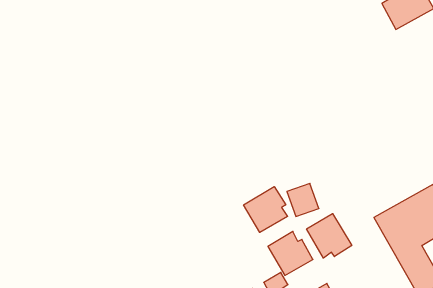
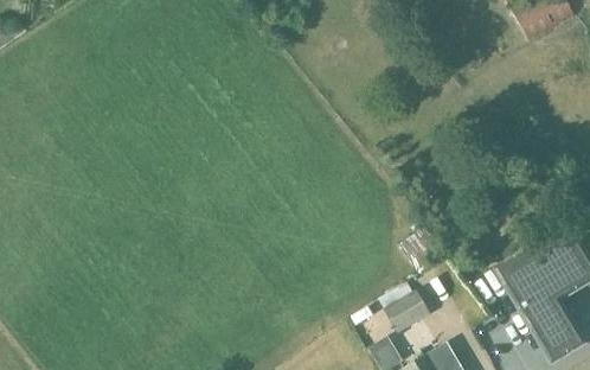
building: [244,187,288,232] -> none
building: [307,214,352,258] -> none

